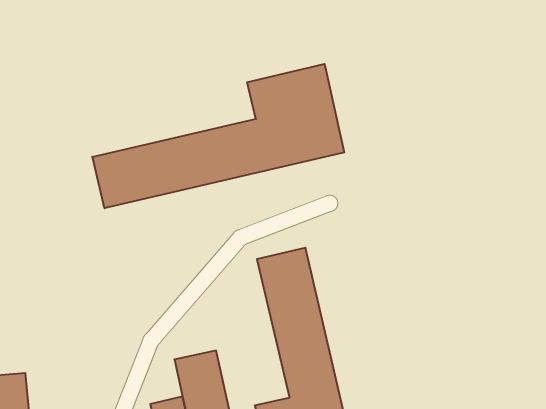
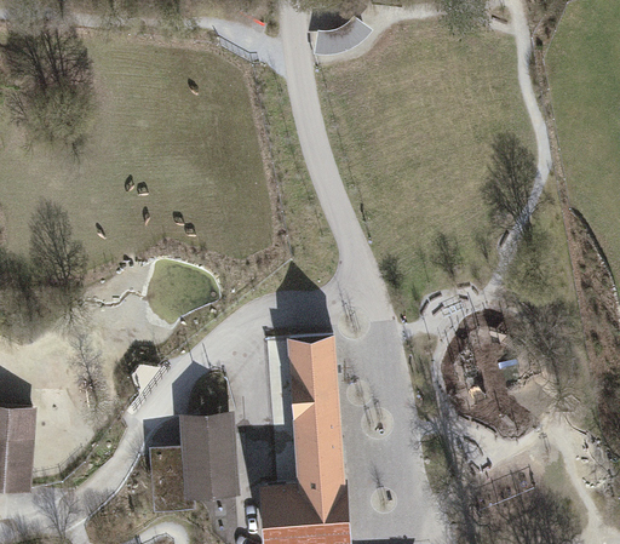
building: [92,64,344,208] -> none

